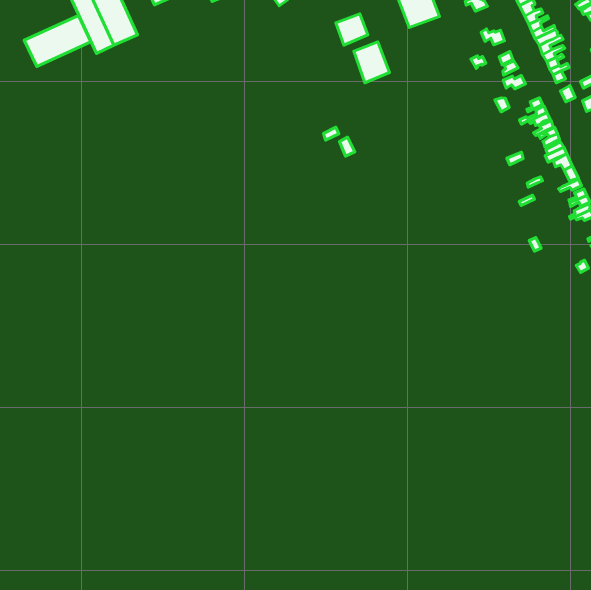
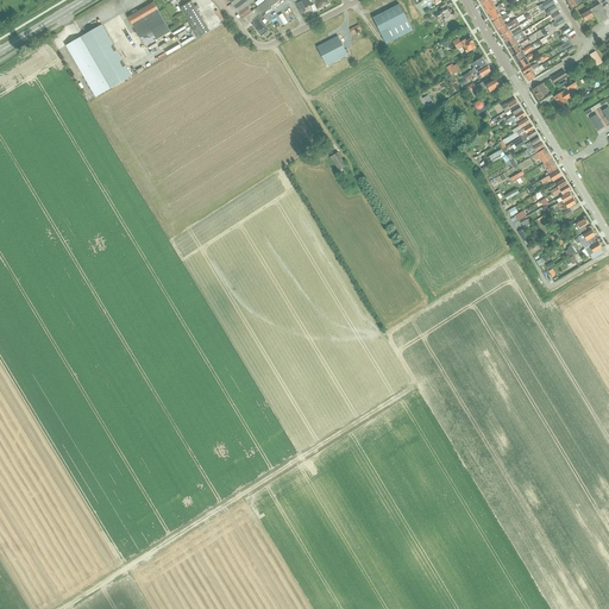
building: [24,15,91,67] -> none
building: [354,42,390,83] -> none

